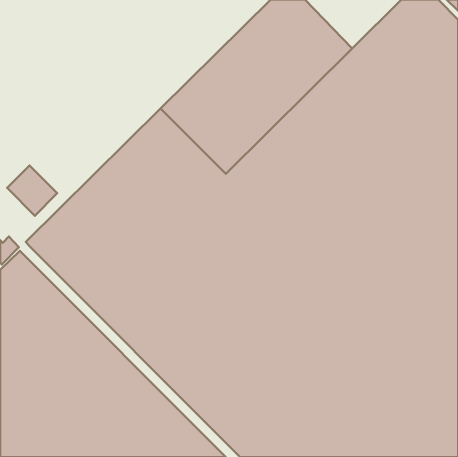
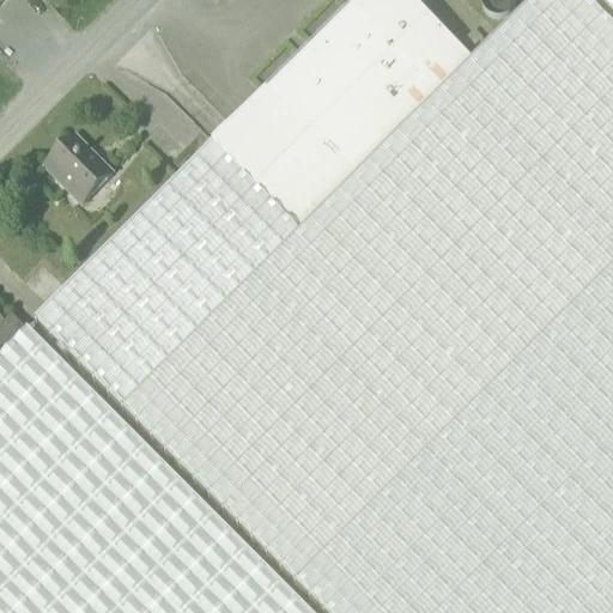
building: [7,165,57,216] -> [44,139,111,206]

